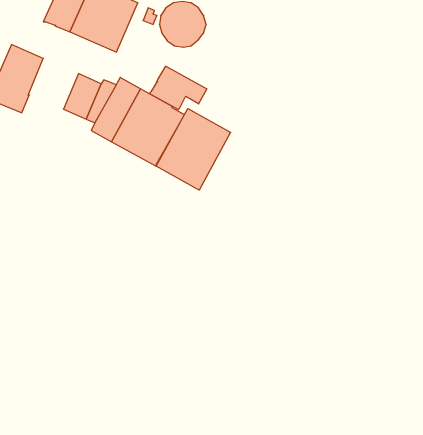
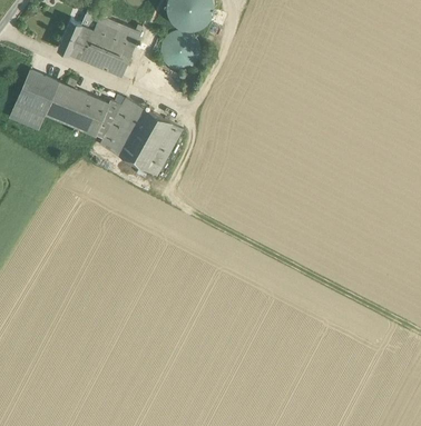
building: none -> [45,81,89,126]
building: [149,66,207,110] -> none
building: [156,109,231,190] -> none

